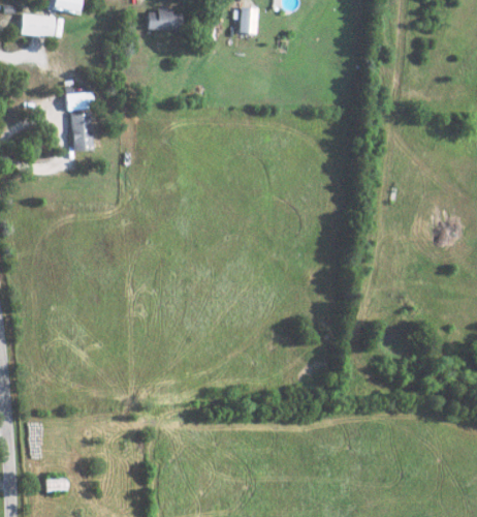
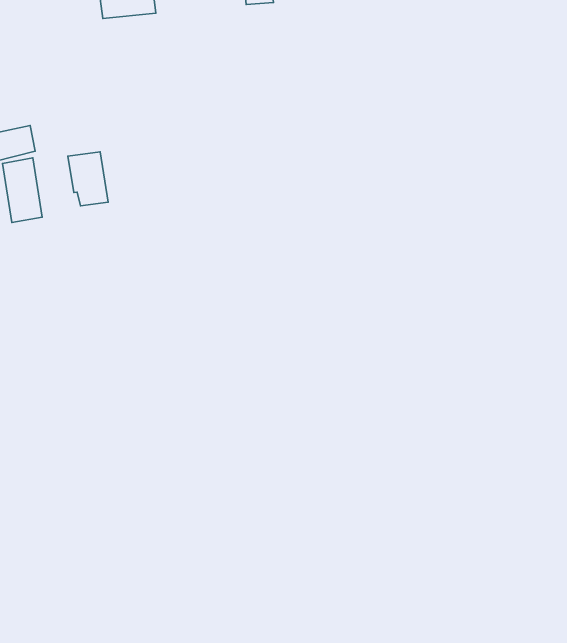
building: none -> [68,152,108,206]

